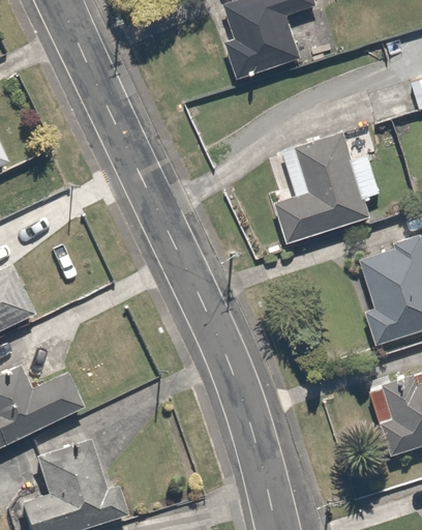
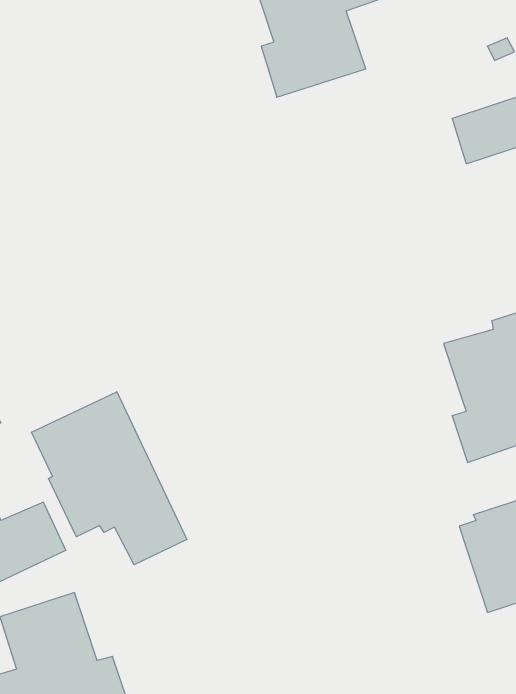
building: [275,130,381,242] -> none
building: none -> [32,392,187,565]

